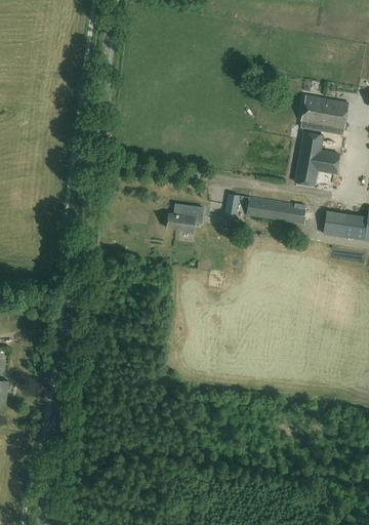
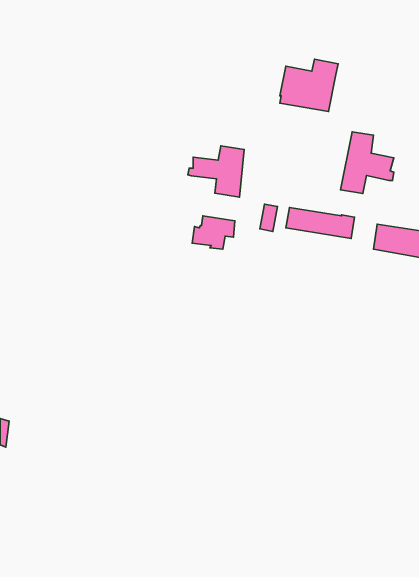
building: [300,89,351,134] -> [280,59,338,111]
building: none -> [188,146,244,197]

